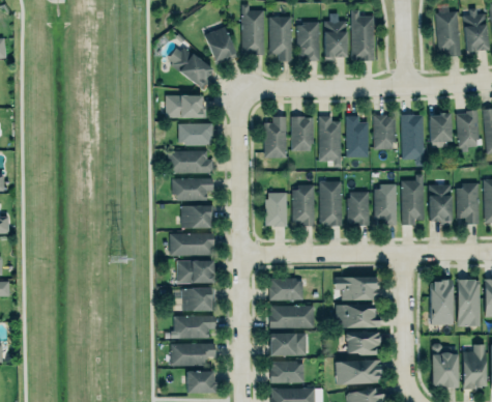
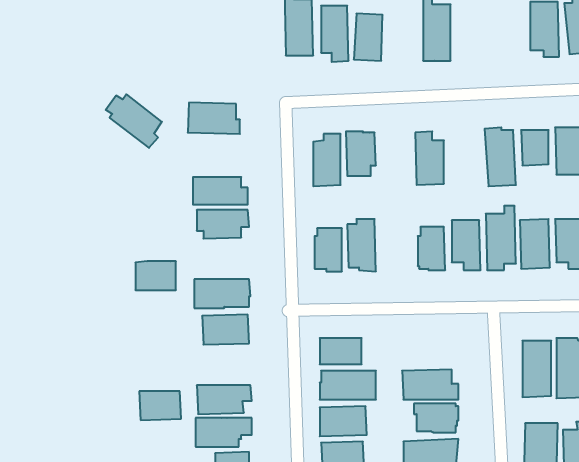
building: [323,21,346,61] -> none
building: [204,27,237,66] -> none
building: [168,47,212,89] -> [106,94,162,148]
building: [373,115,395,149] -> none
building: [318,116,341,168] -> none
building: [178,124,211,146] -> none
building: [319,182,342,227] -> none
building: [181,205,213,228] -> [135,261,176,290]
building: [334,277,378,300] -> none
building: [181,289,214,312] -> [139,391,181,420]

